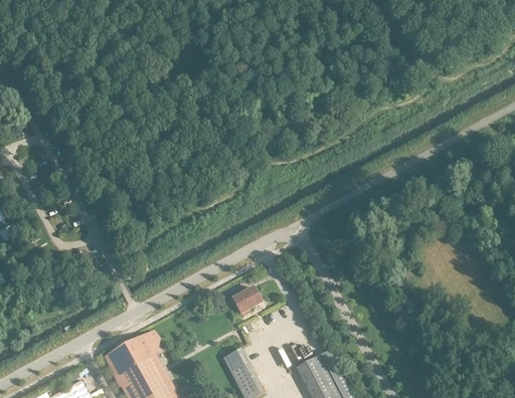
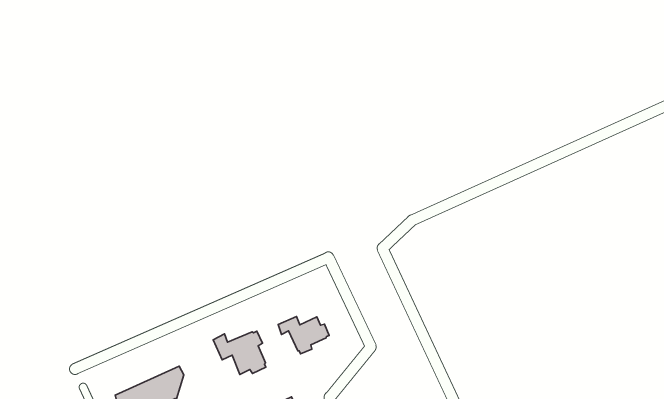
building: none -> [213,331,266,374]

